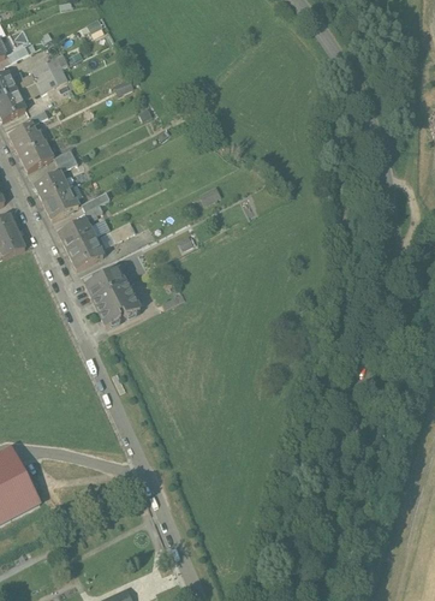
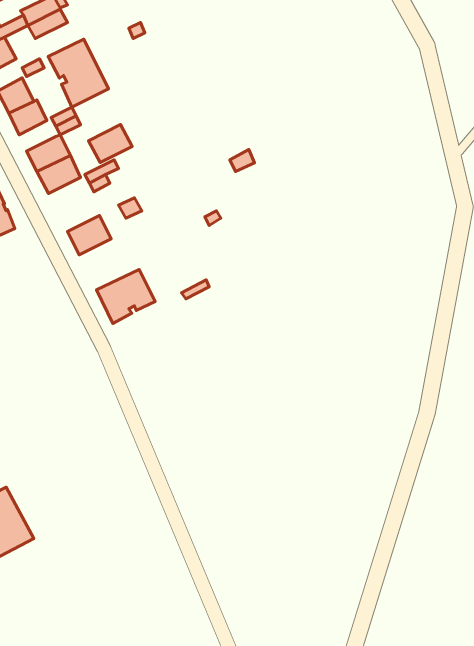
building: none -> [48,39,109,107]
building: [58,218,94,249] -> [88,125,132,163]
building: [83,262,126,297] -> none

